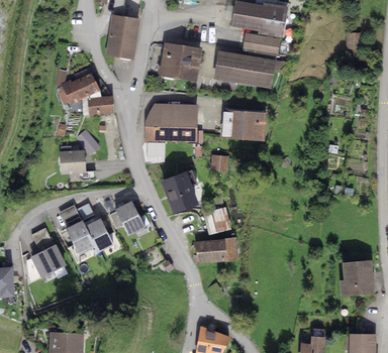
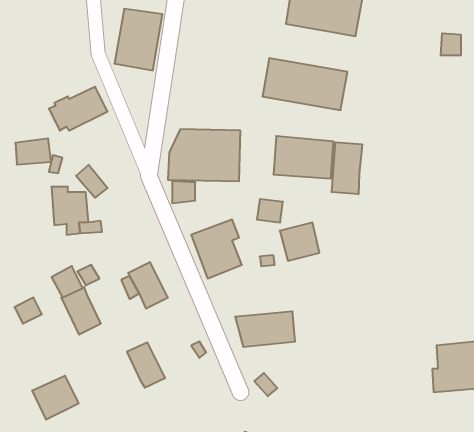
building: [243,32,281,56] -> none
building: [160,41,203,81] -> none
building: [88,95,114,114] -> [15,139,51,165]
building: none -> [332,142,362,194]
building: [203,206,232,234] -> [280,223,319,261]
building: [85,218,113,251] -> [127,342,165,388]
building: [31,244,66,276] -> [32,376,79,420]

